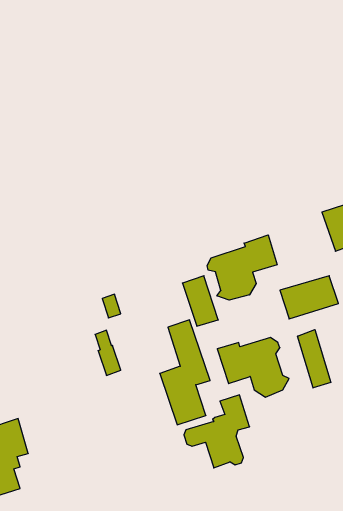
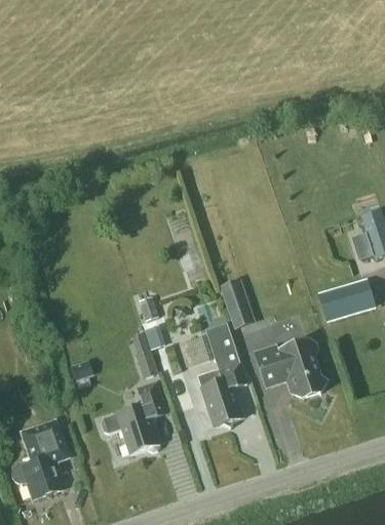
building: [207,235,277,300] -> none
building: [298,330,331,388] -> none
building: [184,395,250,468] -> [101,381,166,454]

